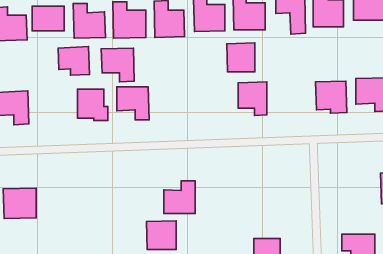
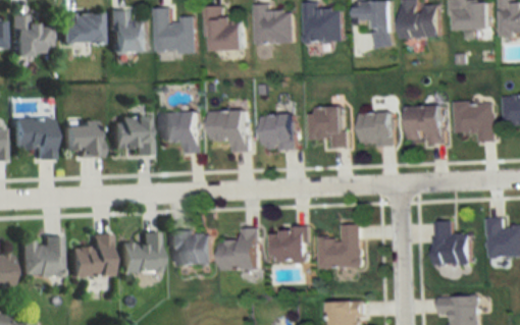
building: [227,43,255,72] -> [258,115,293,151]
building: [58,46,89,75] -> [58,122,97,158]
building: [101,48,134,82] -> [207,111,248,153]
building: none -> [358,113,393,147]
building: none -> [434,221,469,266]
building: none -> [317,225,360,268]
building: none -> [268,229,307,263]
building: none -> [117,231,157,272]
building: none -> [67,233,107,276]
building: [146,221,176,250] -> [169,230,206,266]

